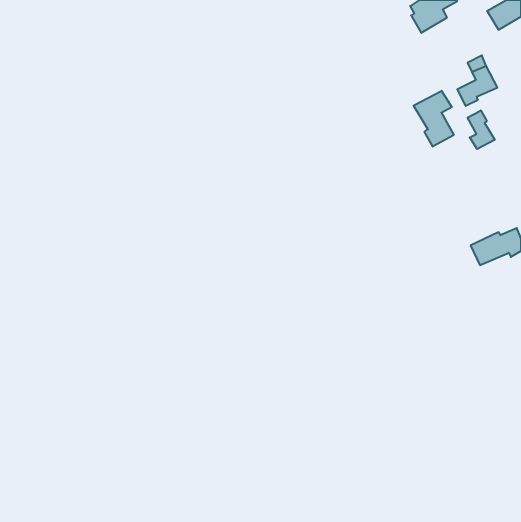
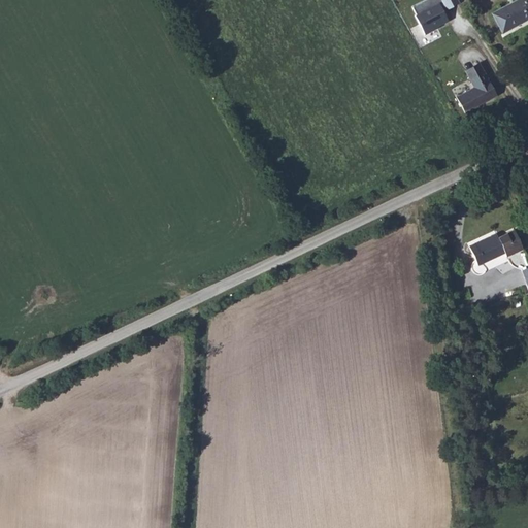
building: [414,91,454,147] -> none
building: [468,110,495,149] -> none

